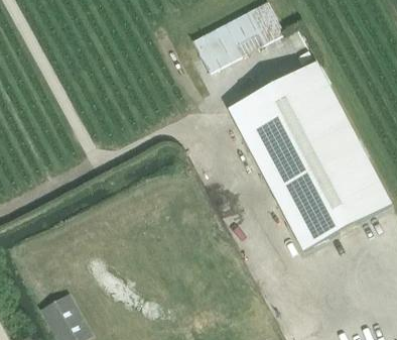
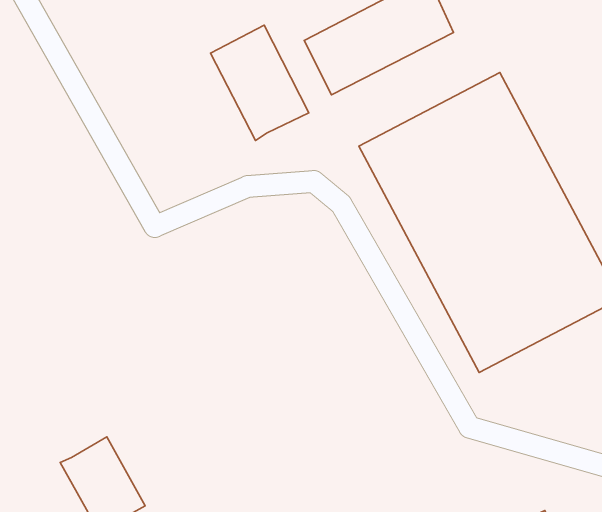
building: none -> [211,25,309,141]

